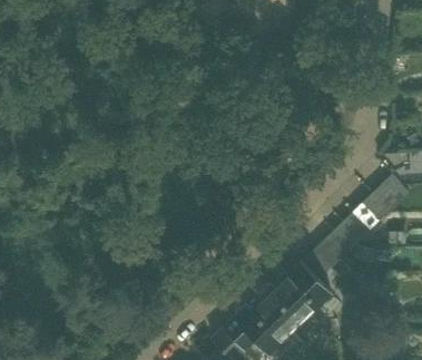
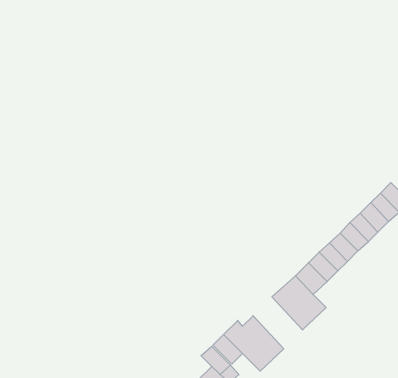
building: [263,283,310,332] -> none

